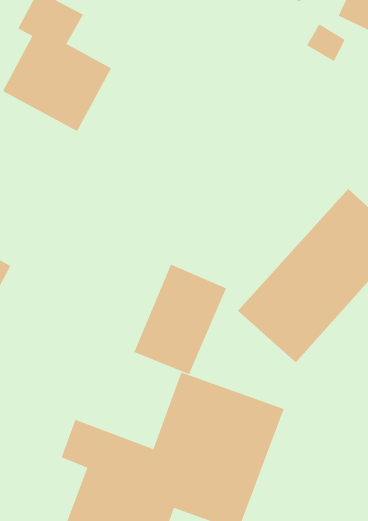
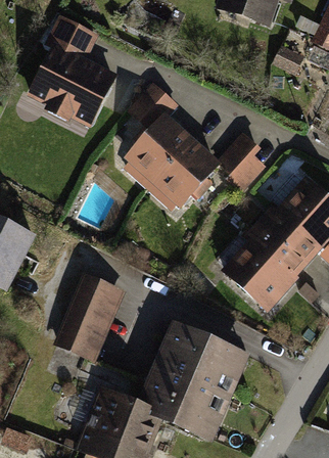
building: none -> [119,81,267,213]
building: [133,264,227,375] -> [52,272,127,361]

